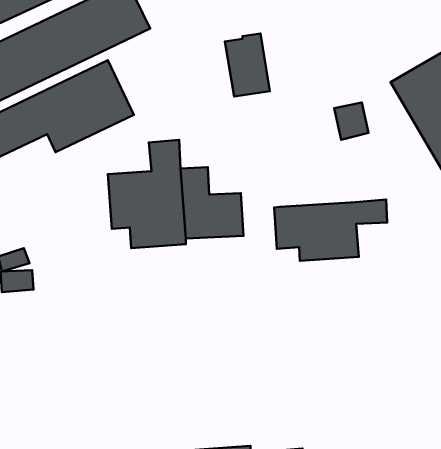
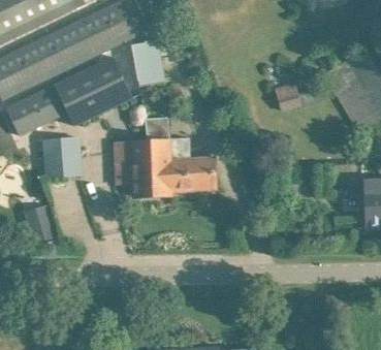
building: [225,33,270,97] -> [131,38,165,86]
building: none -> [42,136,83,178]
building: [274,200,387,261] -> none

